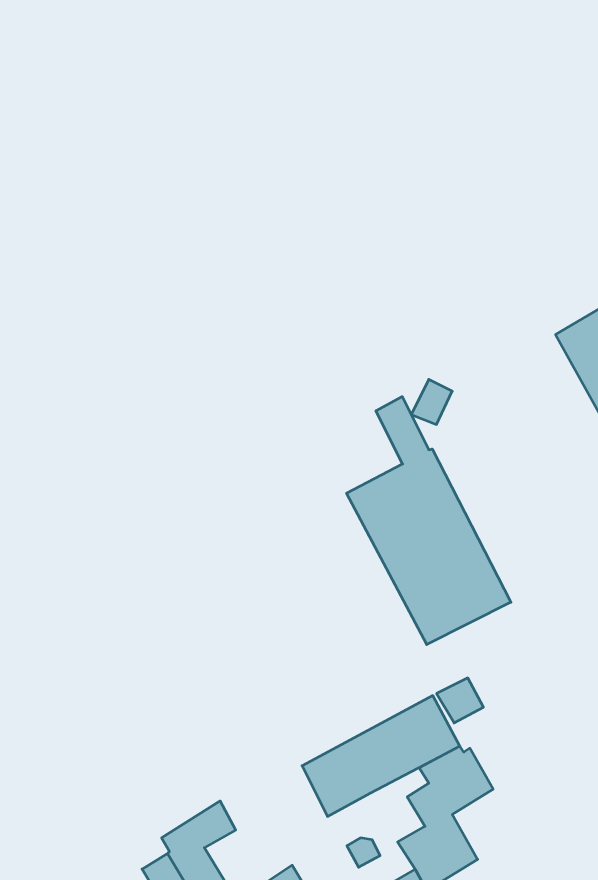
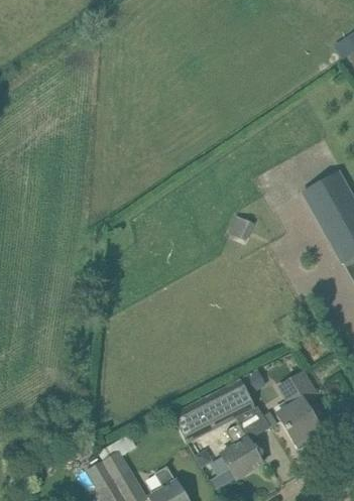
building: [347,397,511,645] -> none
building: none -> [277,373,321,450]

